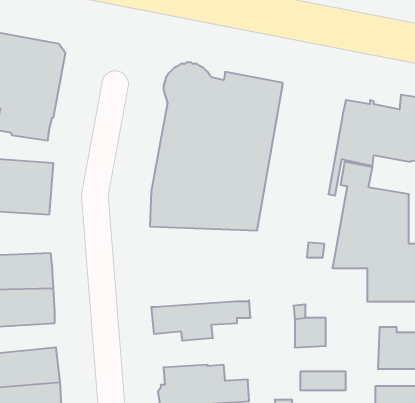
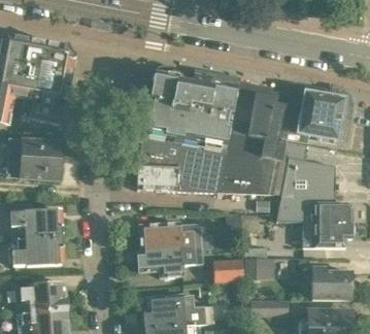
building: none -> [217,79,283,194]
building: none -> [137,221,210,250]
building: none -> [212,258,242,281]

